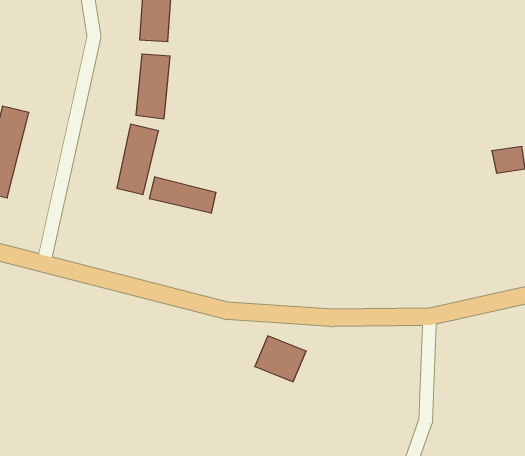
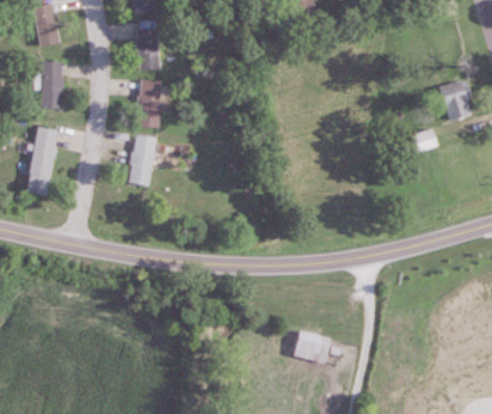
building: none -> [39,62,62,109]
building: [150,177,216,213] -> none
building: [255,336,306,382] -> [291,330,330,364]

